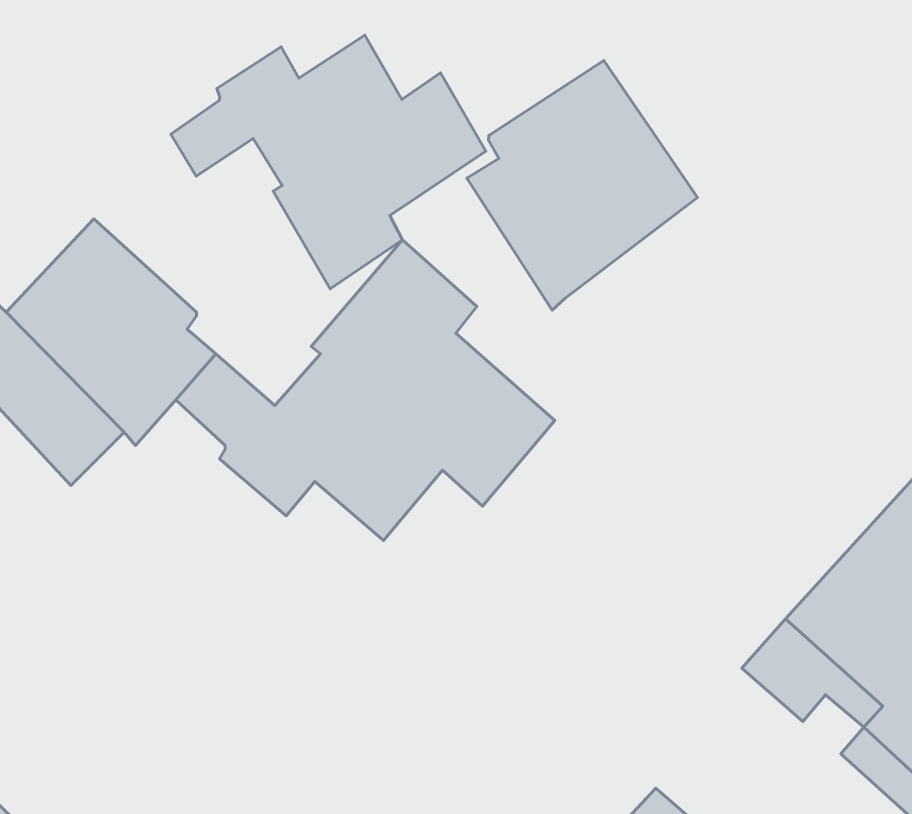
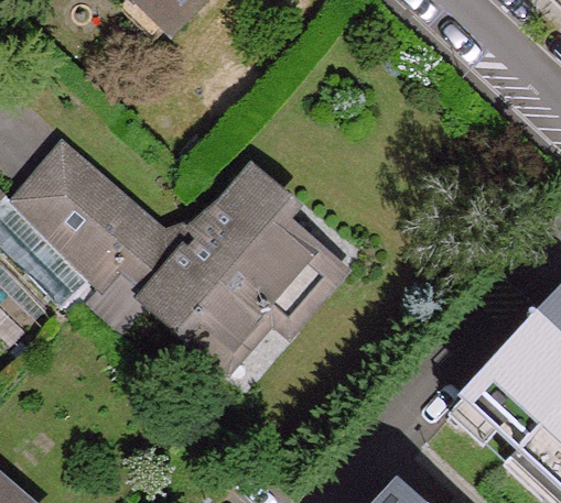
building: [171,35,486,289] -> none
building: [467,61,698,310] -> none

